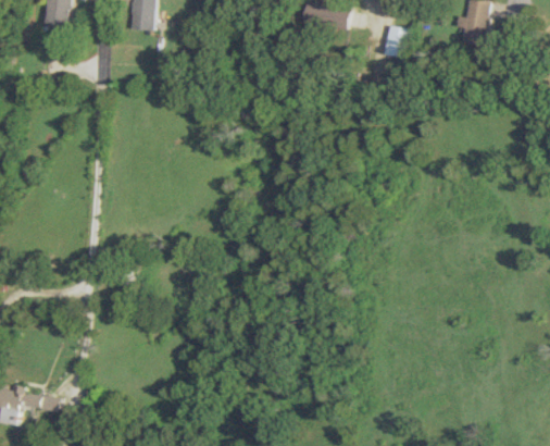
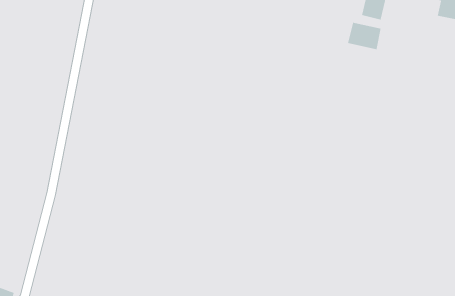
building: none -> [347,22,381,50]

